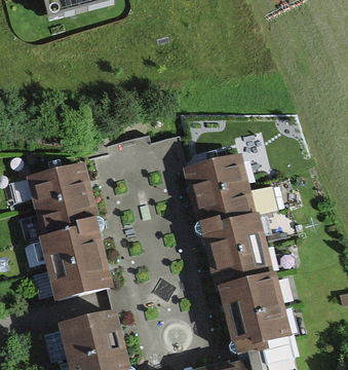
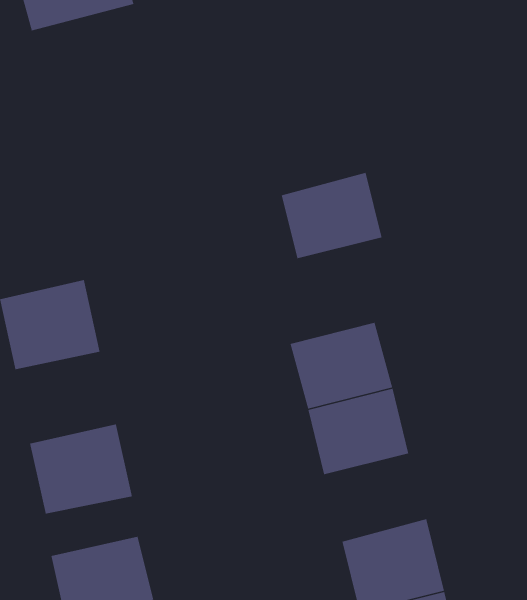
building: [188,148,246,198] -> [281,172,382,259]
building: [39,203,98,256] -> none
building: [217,262,276,312] -> none

